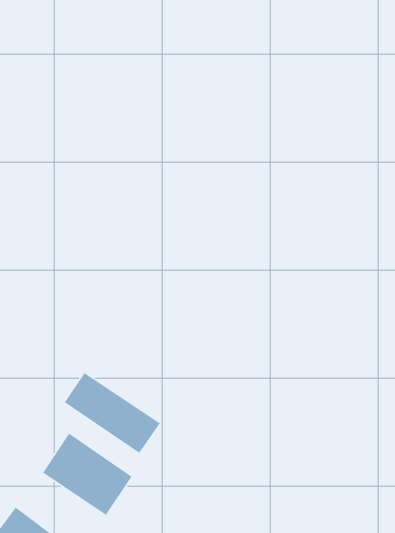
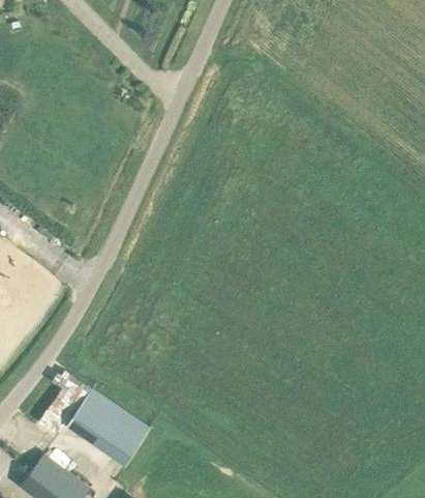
building: [64,372,161,454] -> none

